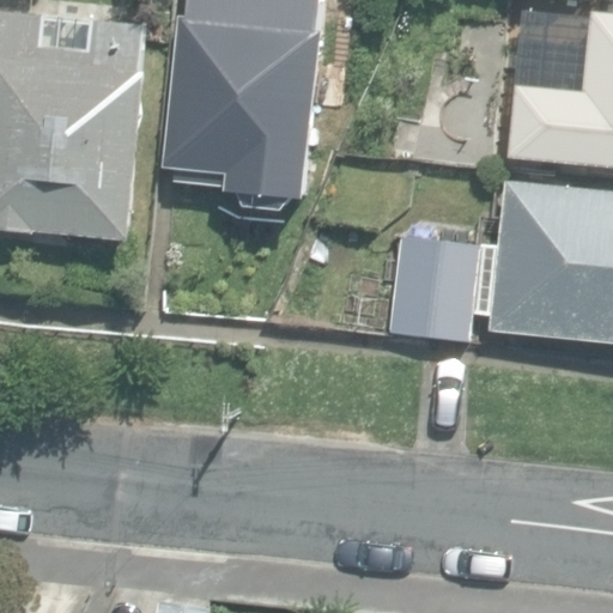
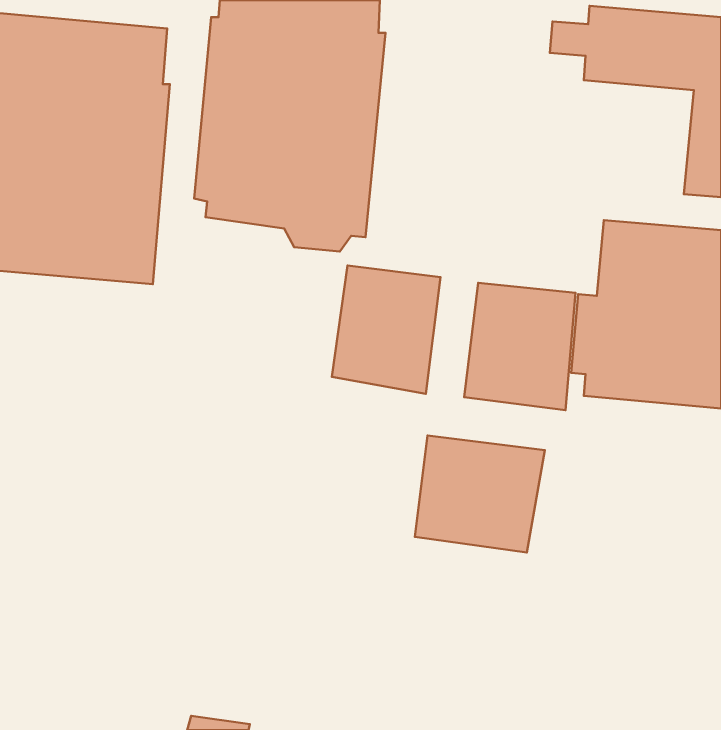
building: none -> [332,265,440,394]
building: none -> [415,436,545,553]

